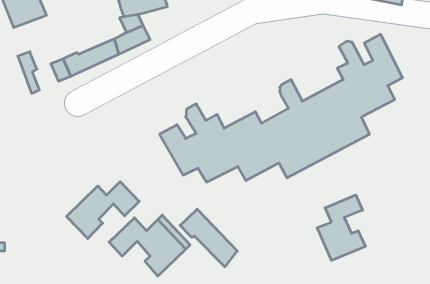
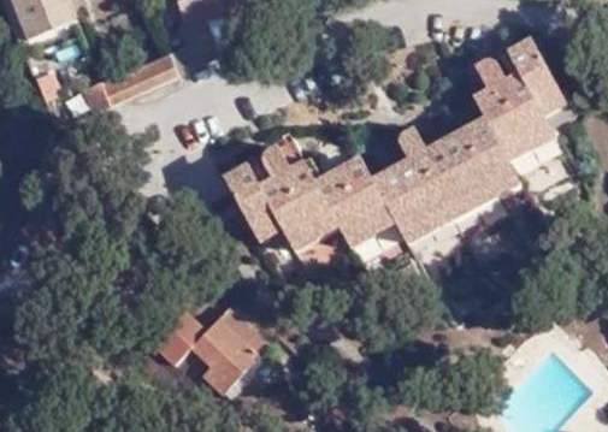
building: [67,182,139,239] -> none
building: [317,195,365,260] -> none
building: [180,209,237,267] -> none

